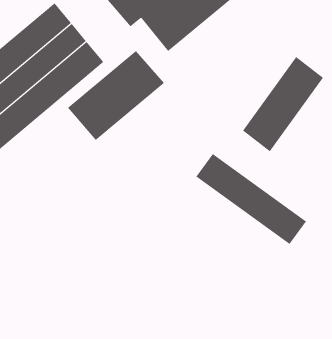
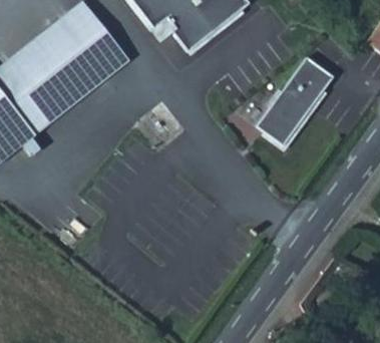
building: [67,50,165,141] -> none
building: [195,153,307,245] -> none

